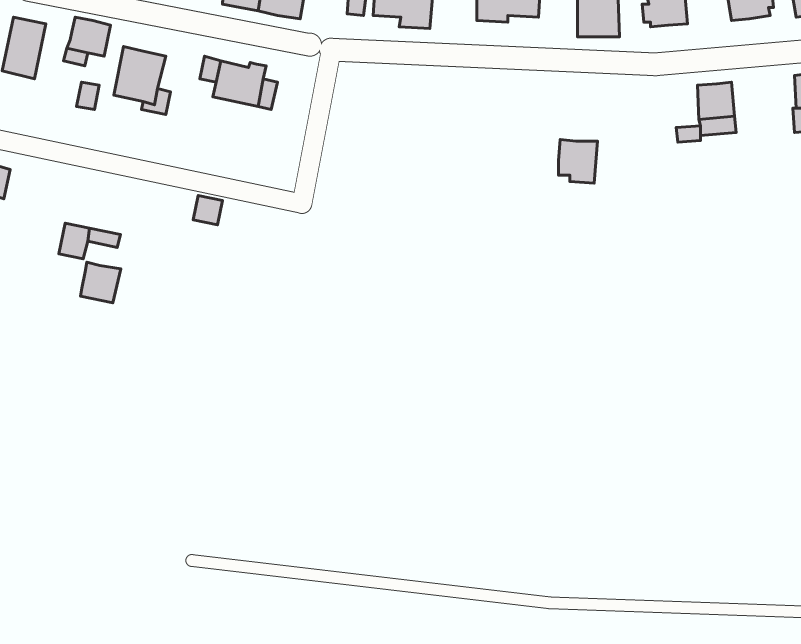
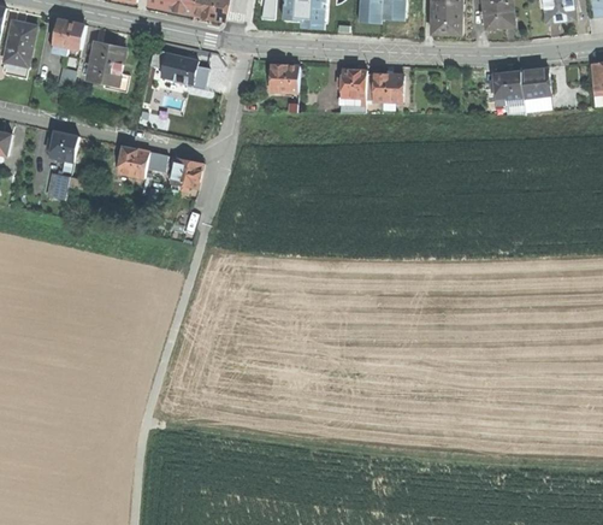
building: none -> [268,63,296,89]
building: none -> [337,66,365,110]
building: none -> [491,70,521,98]
building: [558,139,597,183] -> [372,71,401,104]
building: none -> [118,146,149,177]
building: none -> [171,158,203,188]
building: [80,262,121,303] -> [49,130,79,160]

